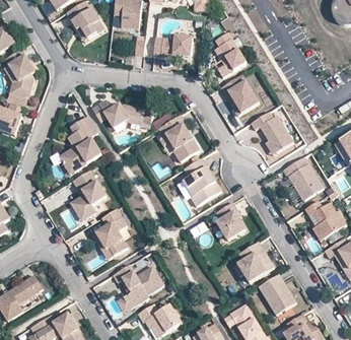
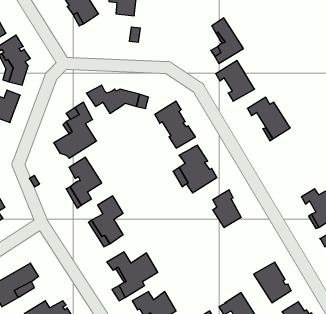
building: [153,36,193,58] -> none
building: [283,156,323,200] -> none
building: [234,242,274,282] -> none

